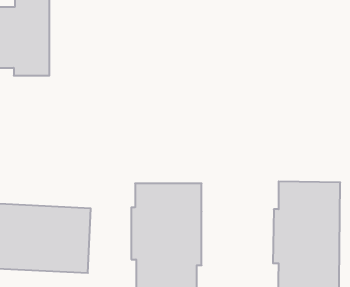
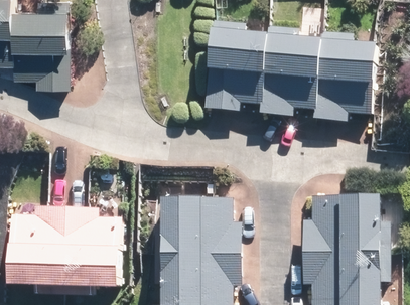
building: none -> [203,21,260,111]
building: none -> [256,26,312,116]
building: none -> [311,31,368,121]

